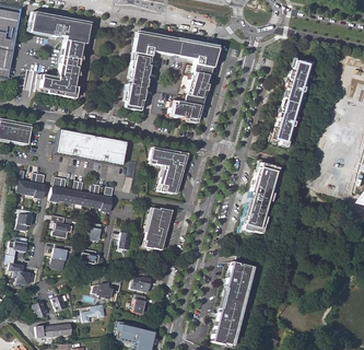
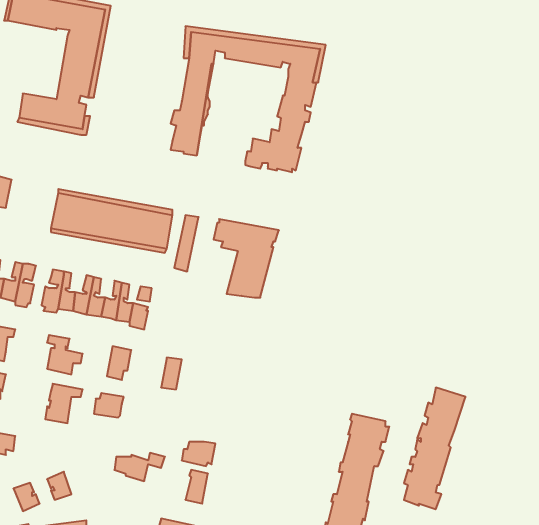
building: [269,60,309,144] -> none
building: [242,162,278,233] -> [404,388,466,509]
building: [143,207,173,249] -> none

